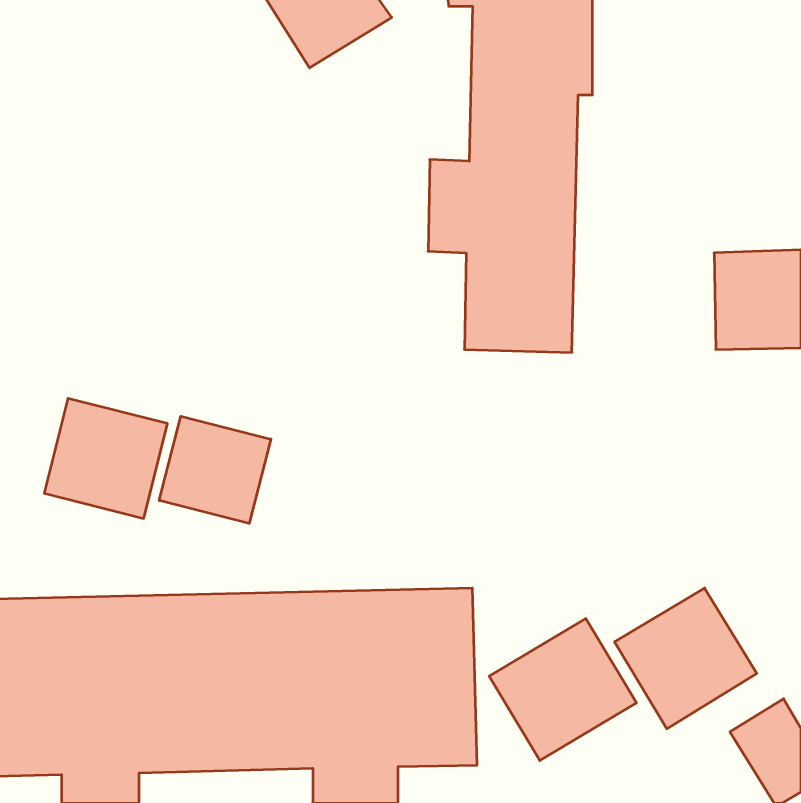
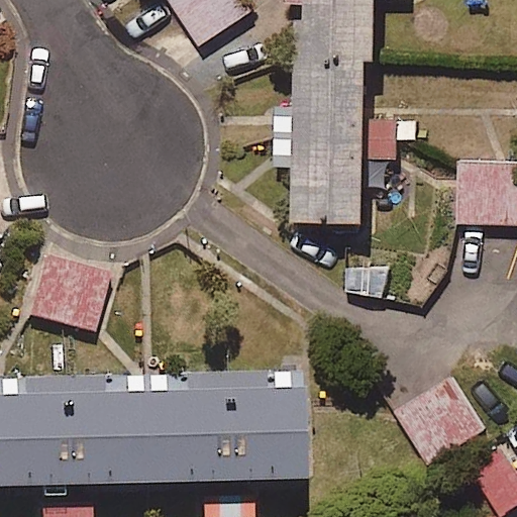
building: [159,416,271,523] -> none
building: [489,619,636,761] -> none

